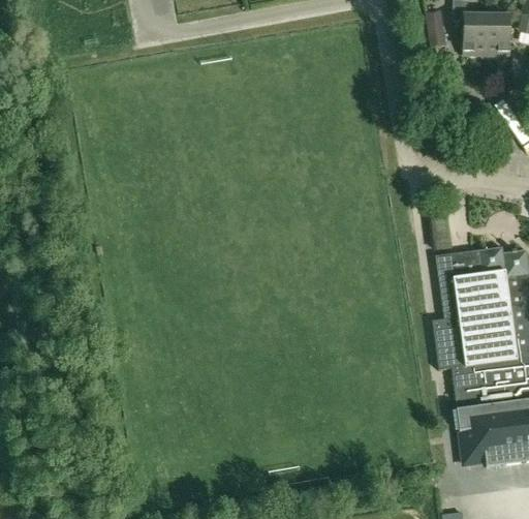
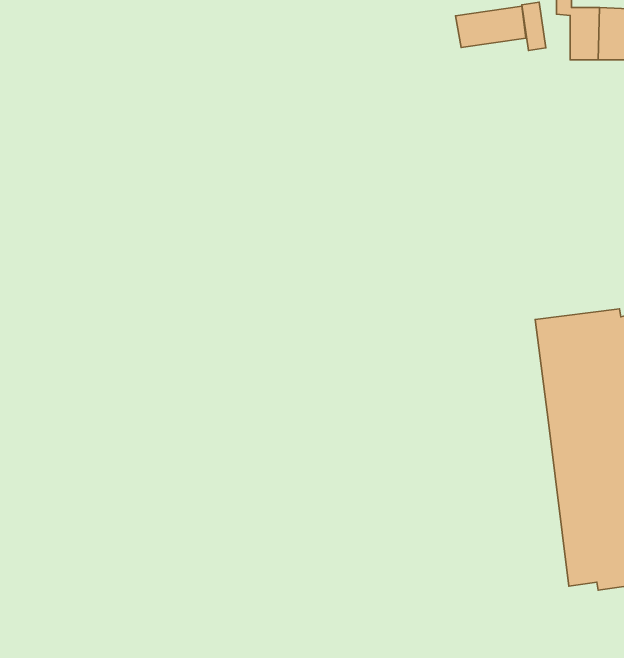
building: none -> [456,6,526,48]

